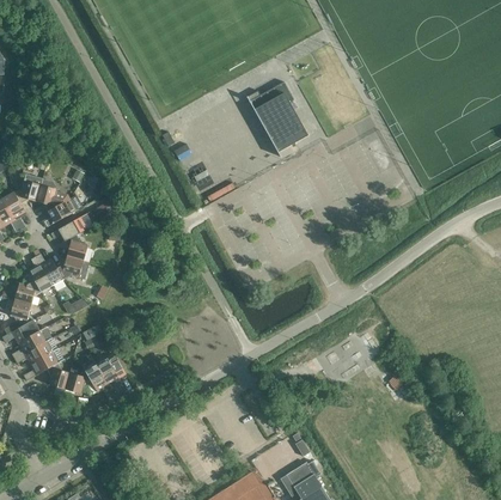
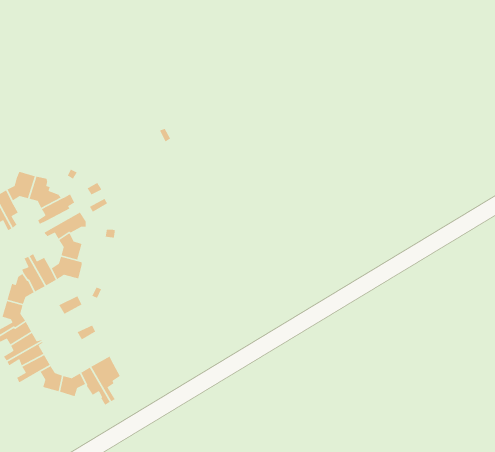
building: [249,81,308,152] -> none

